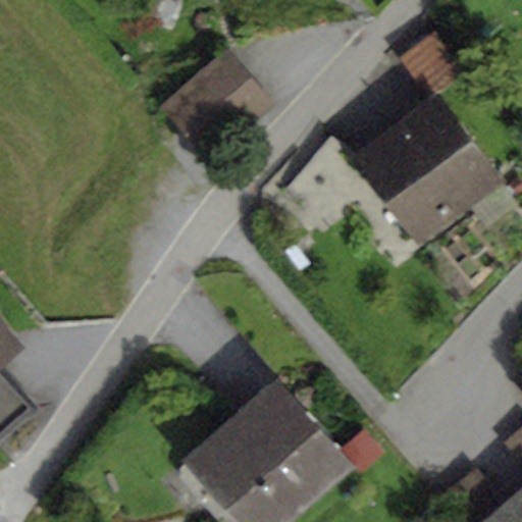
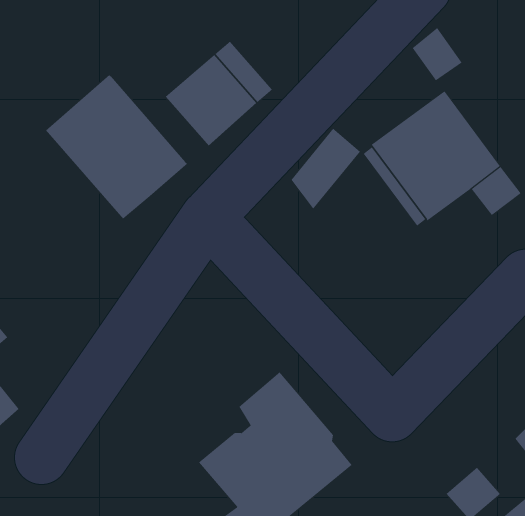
building: none -> [45,74,188,220]

